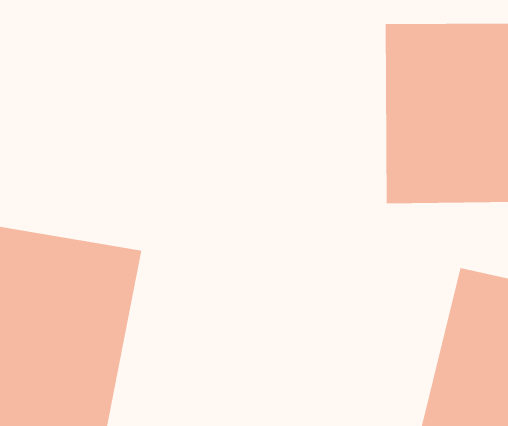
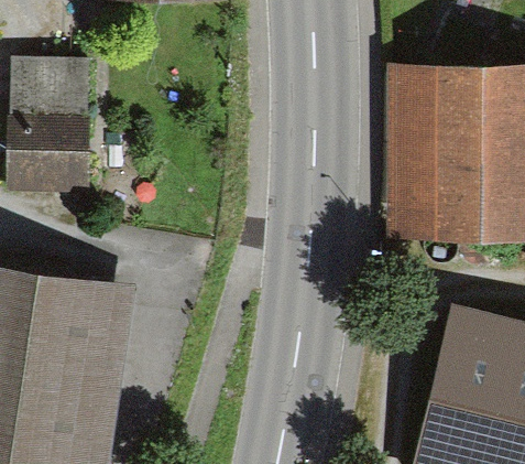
building: none -> [9,57,97,198]

